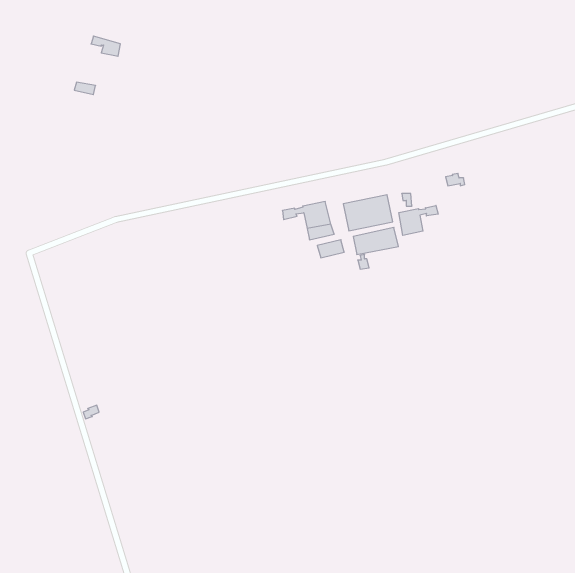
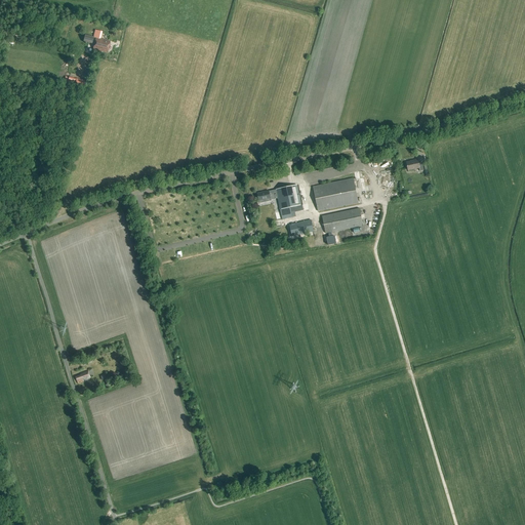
building: [399,205,438,235] -> none

